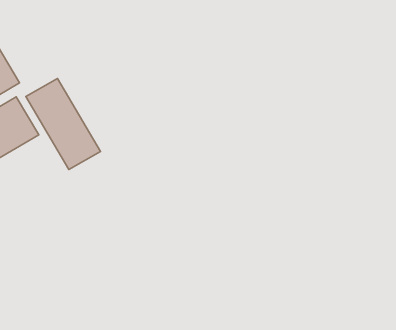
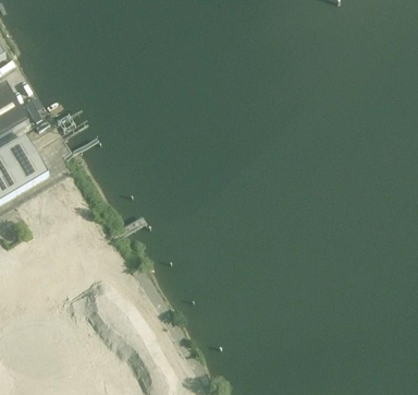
building: [26,79,101,169] -> none

